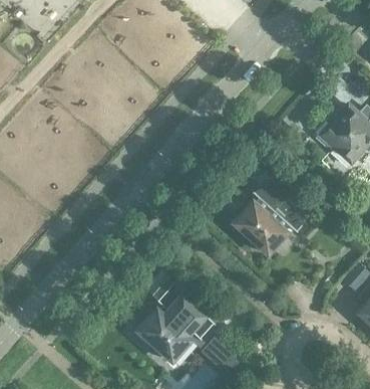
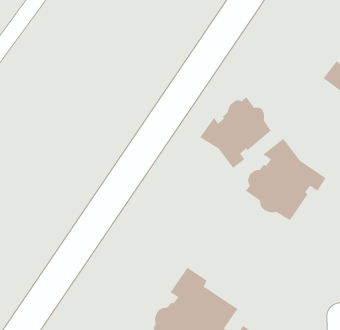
building: none -> [199,96,272,169]

